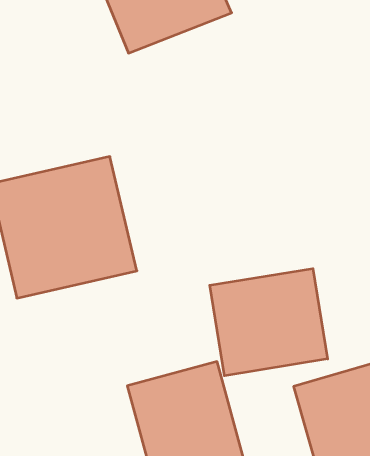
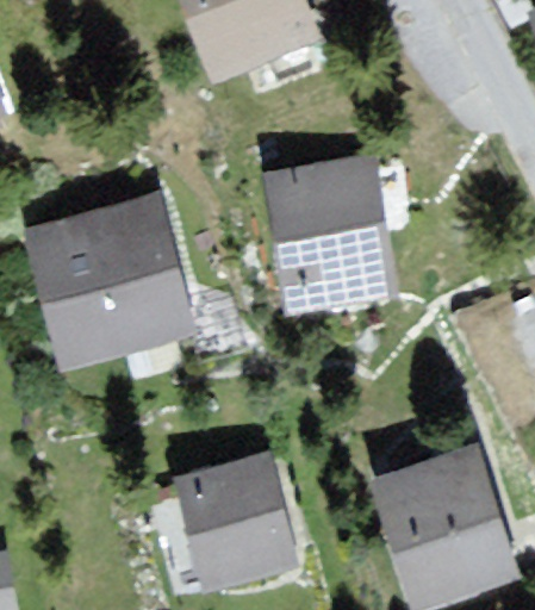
building: none -> [262,164,391,307]
building: [210,269,328,376] -> none

